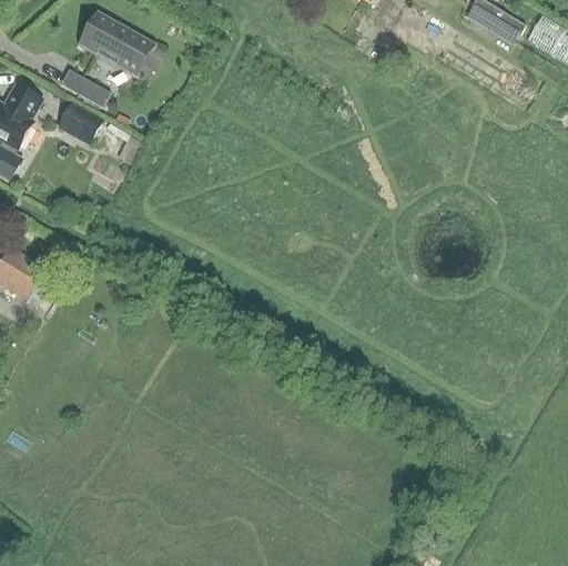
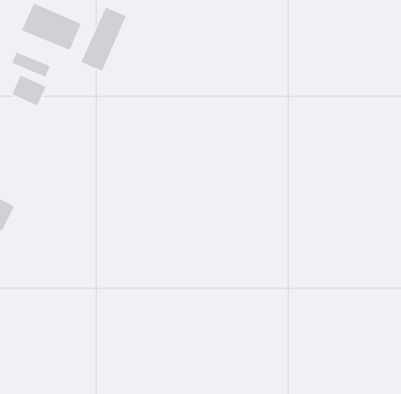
building: none -> [80,7,127,72]

